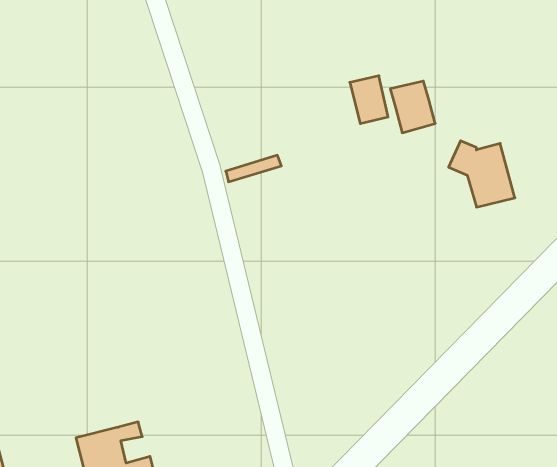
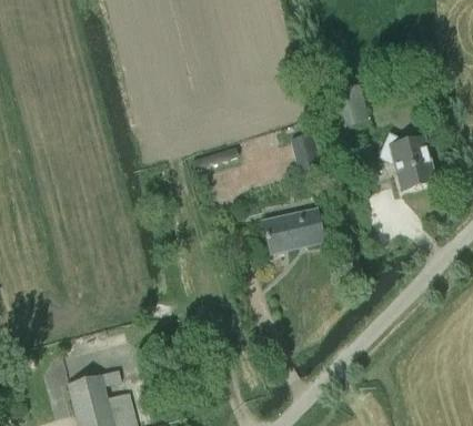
building: [350,76,388,124] -> [290,132,322,172]
building: none -> [264,207,324,252]

